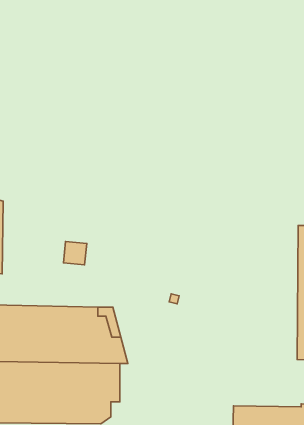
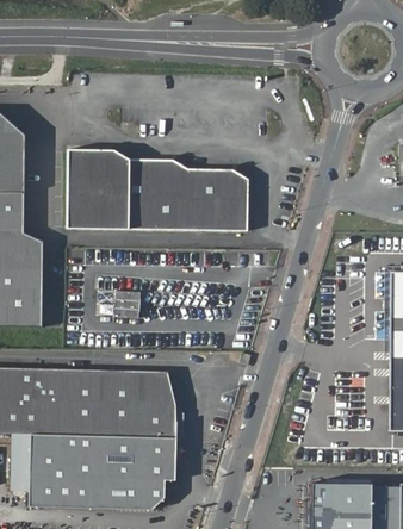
building: none -> [64,149,248,232]

